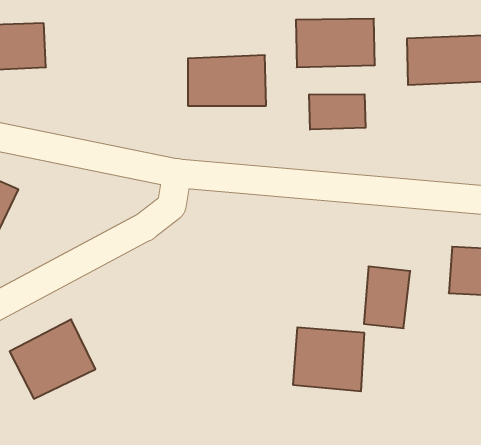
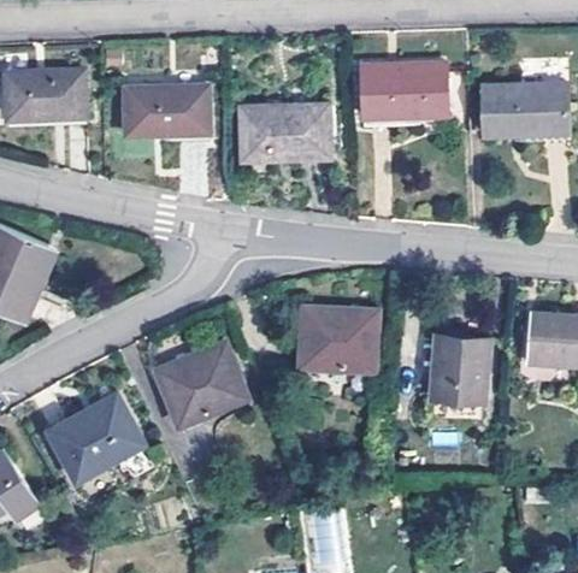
building: none -> [124,84,212,138]
building: [309,94,366,130] -> none
building: none -> [154,341,250,427]
building: [293,327,364,391] -> [299,306,377,376]

